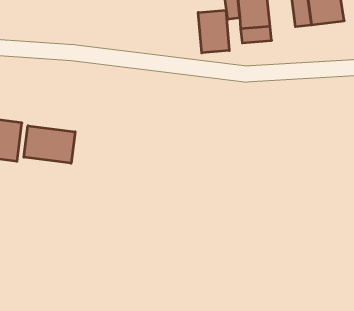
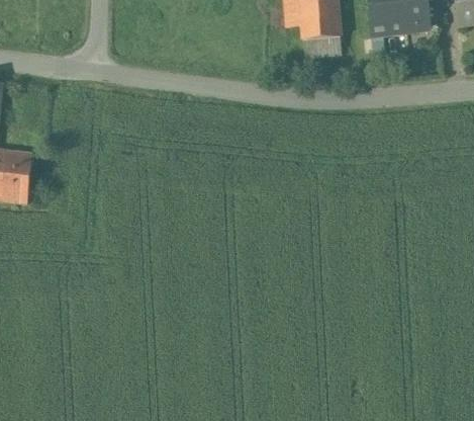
building: [198,10,229,53] -> none
building: [24,126,75,163] -> none

